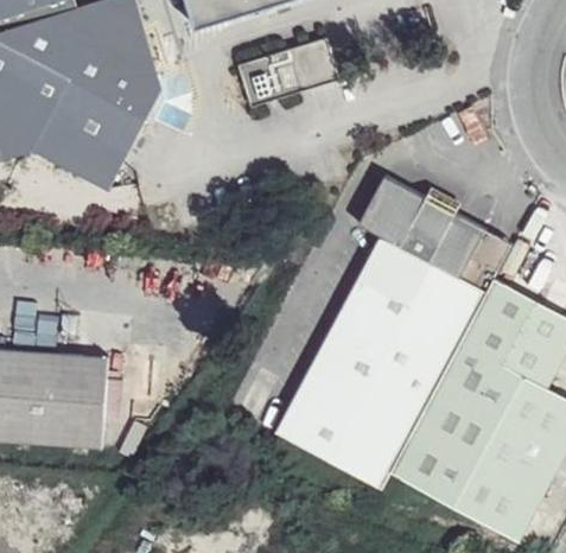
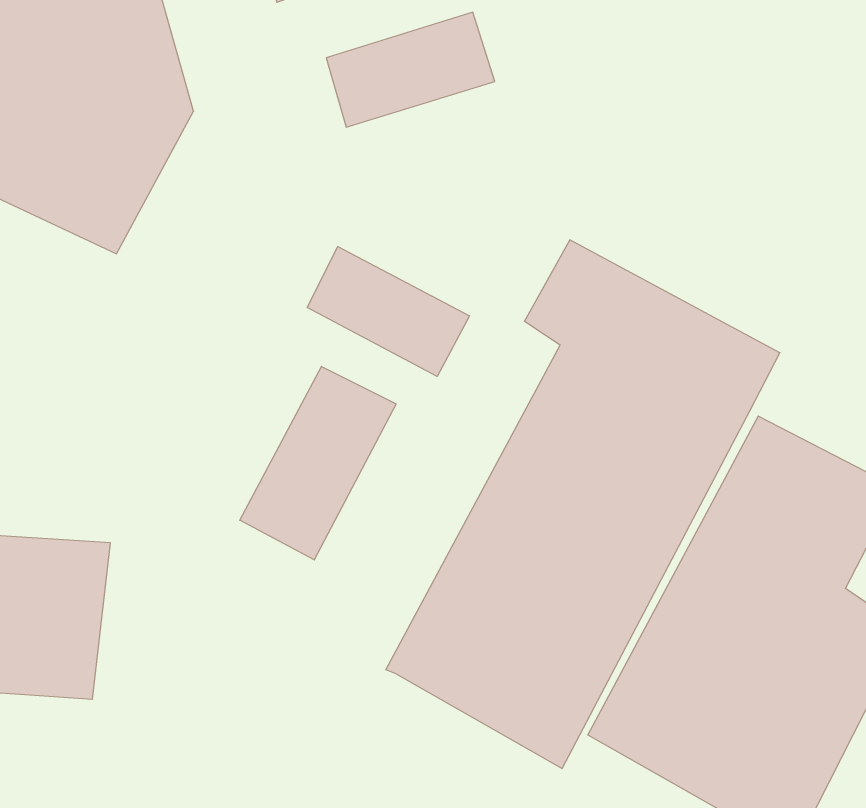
building: none -> [307,247,470,376]
building: none -> [240,366,396,560]

